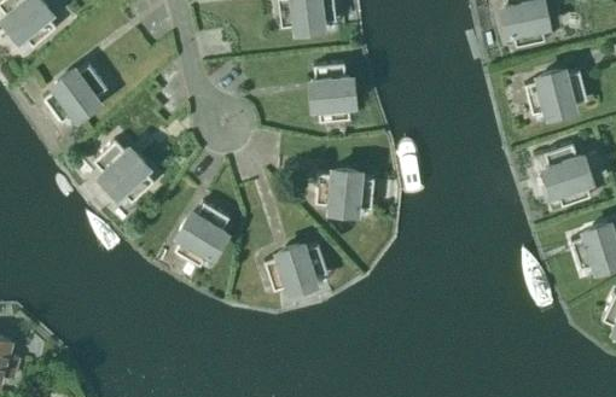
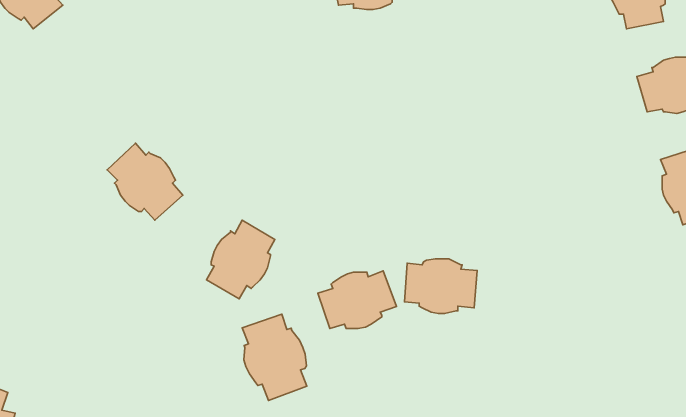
building: [309,63,355,122] -> none
building: [43,64,107,123] -> none
building: [315,169,374,214] -> [404,259,477,314]
building: none -> [242,314,307,400]

